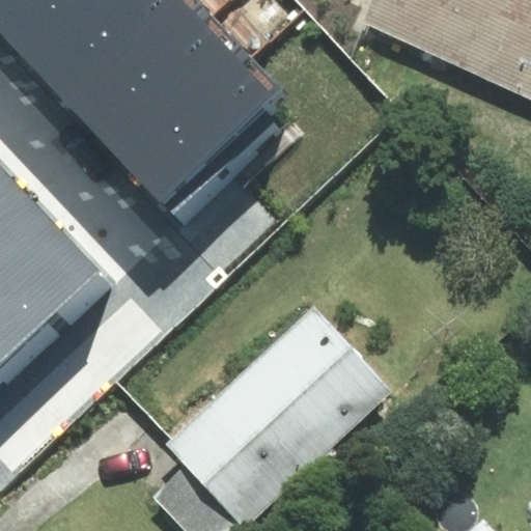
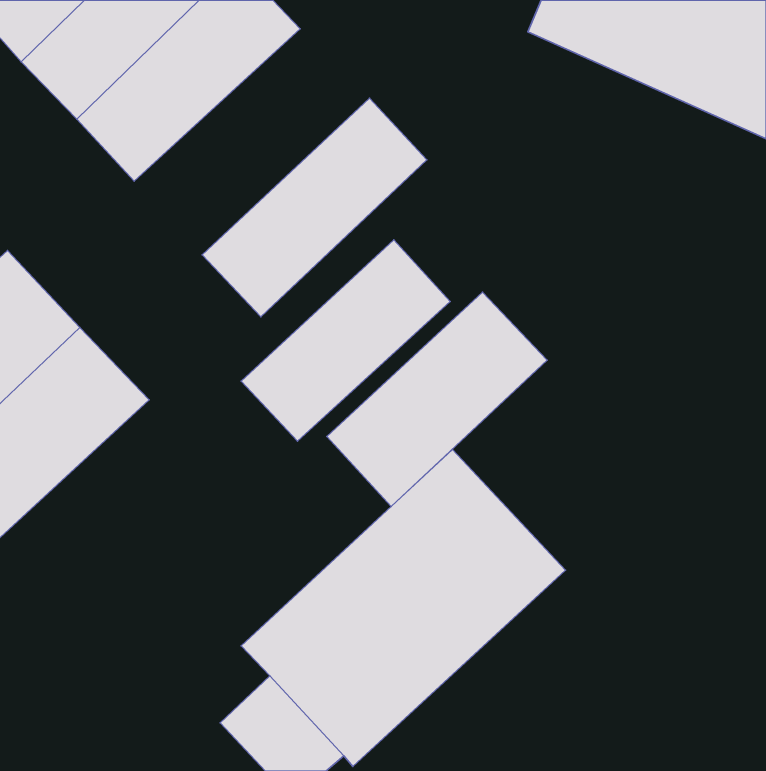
building: [92,20,254,175] -> none
building: none -> [241,240,450,441]
building: none -> [327,292,547,506]

